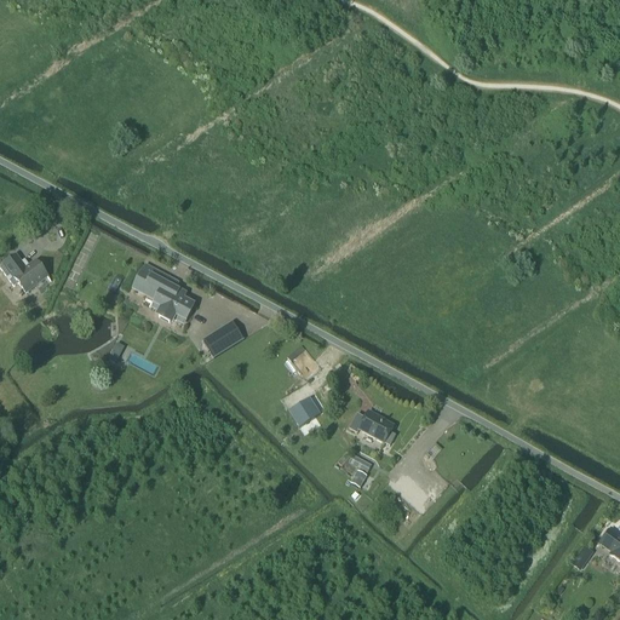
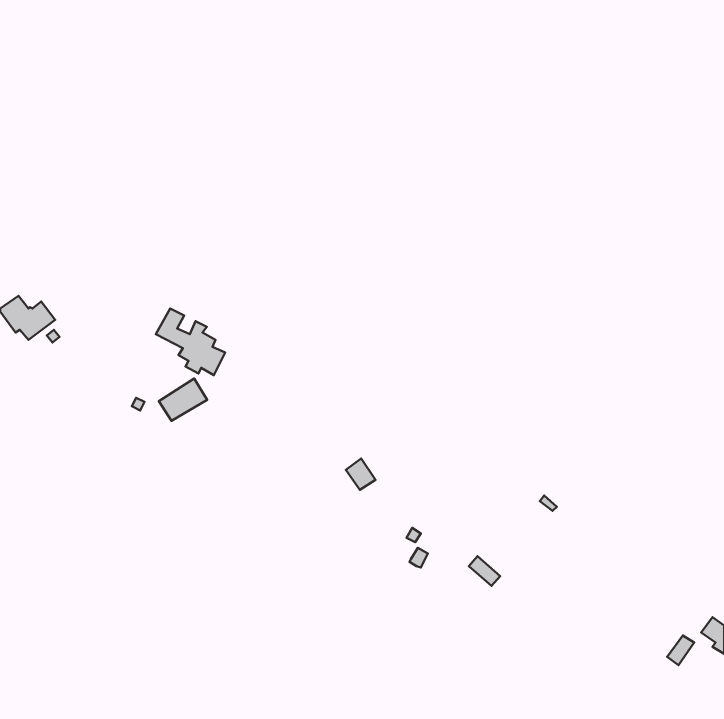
building: [202,318,243,355] -> [159,378,207,421]
building: [349,409,395,443] -> none

